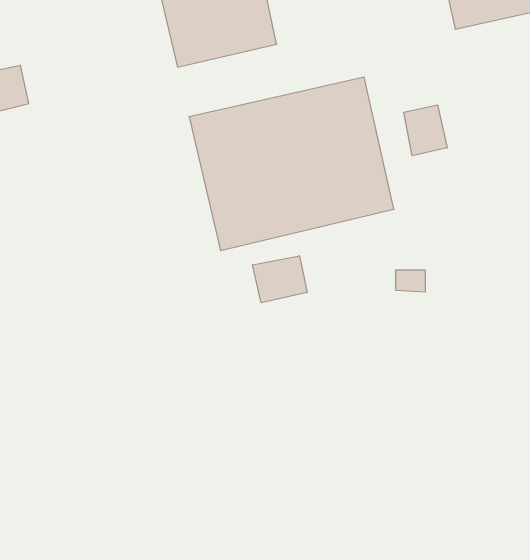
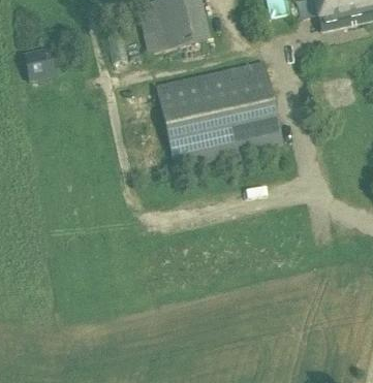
building: [404,105,447,156] -> none
building: [253,256,307,303] -> none

